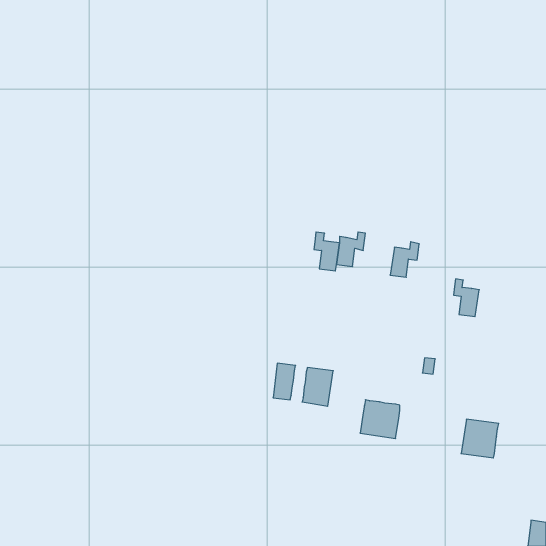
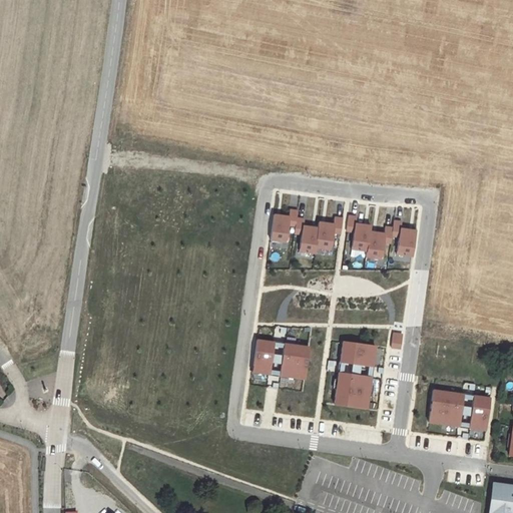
building: none -> [269,208,296,241]
building: none -> [345,214,369,250]
building: [454,279,479,317] -> [390,220,414,255]
building: none -> [342,342,378,367]
building: none -> [471,397,492,430]

